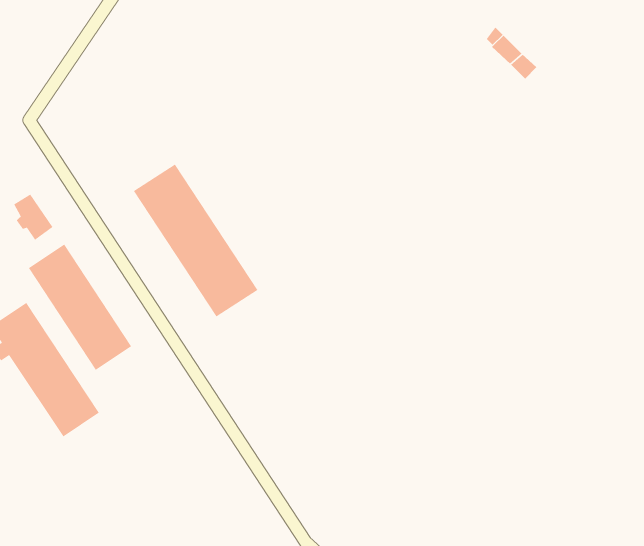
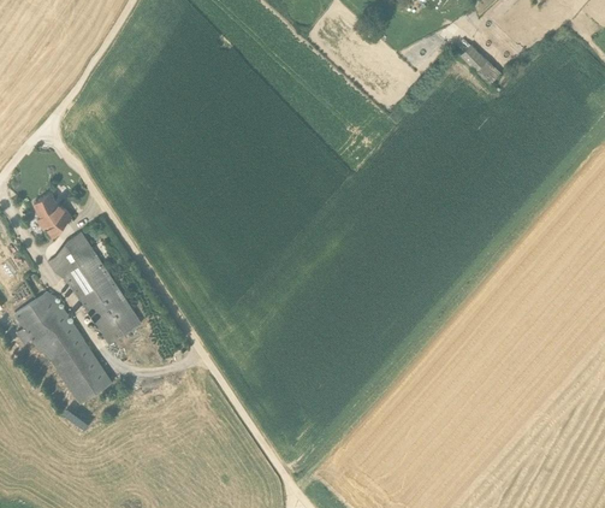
building: [133,163,258,318] -> none

